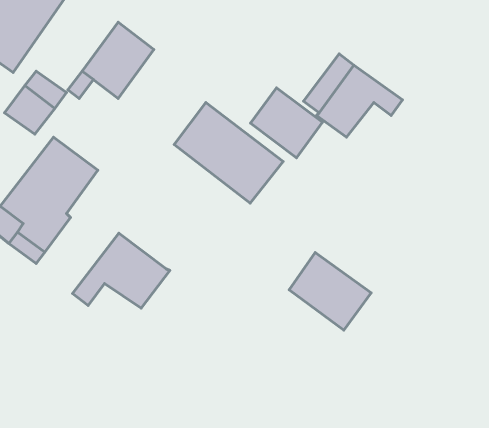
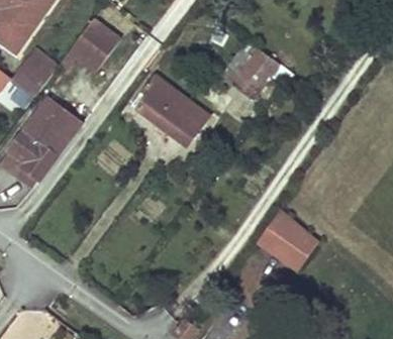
building: [251,88,322,158] -> none
building: [72,233,170,308] -> none
building: [289,253,371,330] -> [259,214,316,268]

